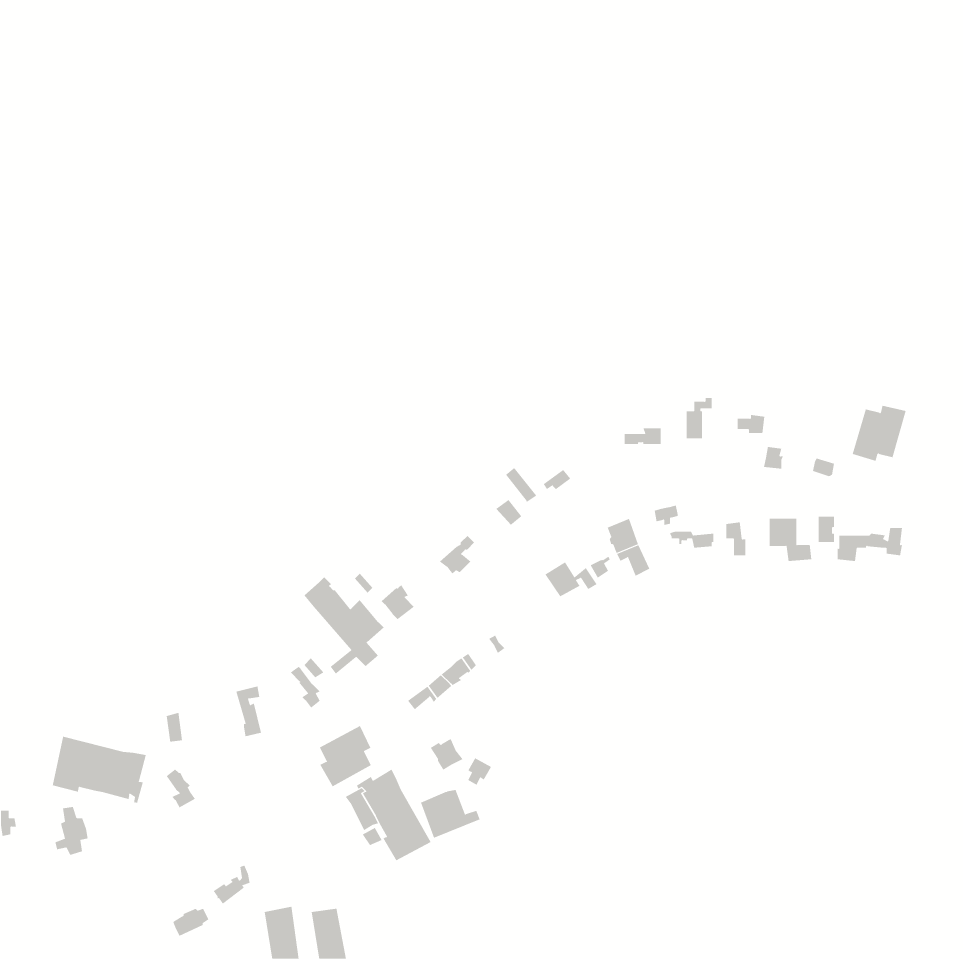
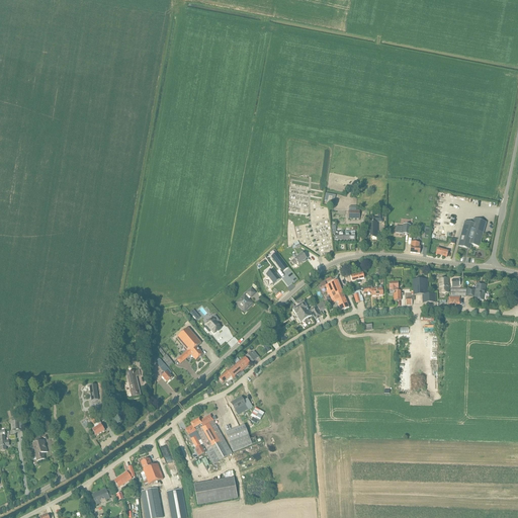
building: [319,725,372,787] -> none
building: [52,736,146,803] -> none
building: none -> [141,456,163,485]
building: none -> [193,469,236,503]

